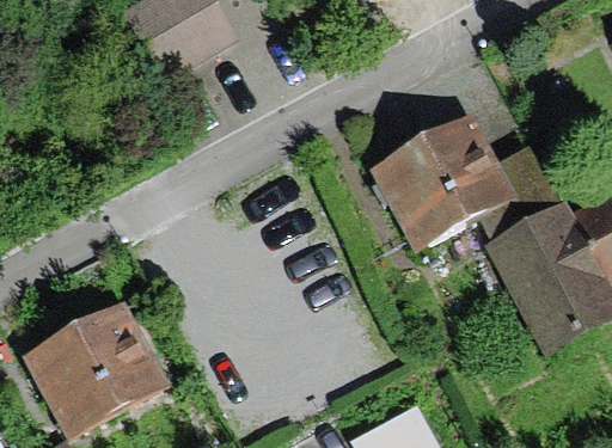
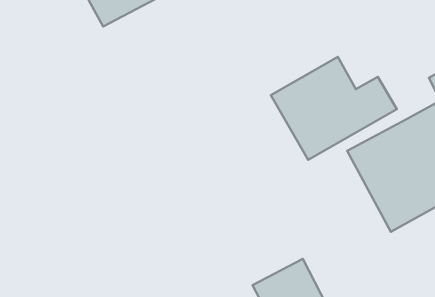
building: [22,308,155,436] -> none

